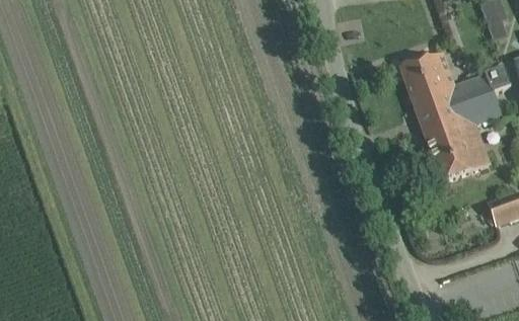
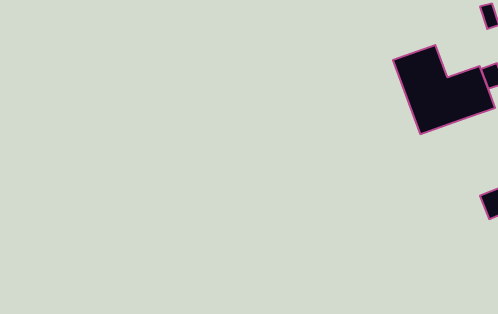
building: [427,122,491,179] -> none

